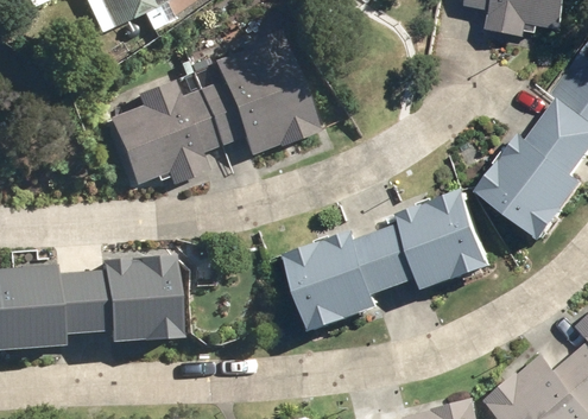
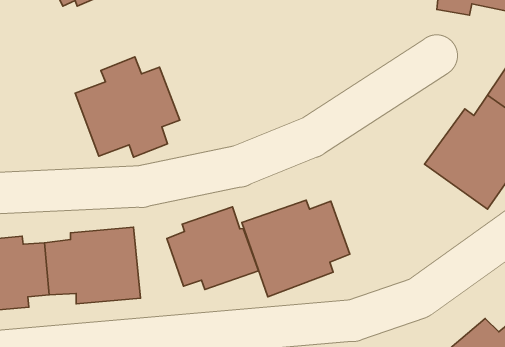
building: [197,32,317,155] -> none
building: [378,188,495,291] -> none
building: none -> [167,207,259,290]

